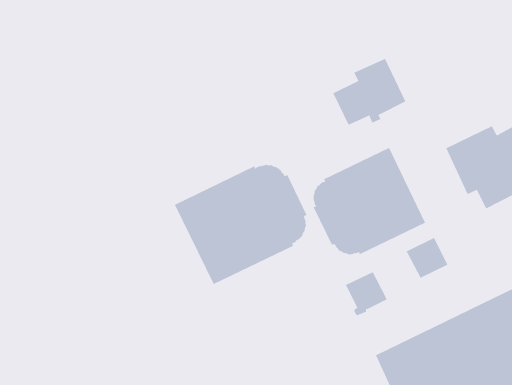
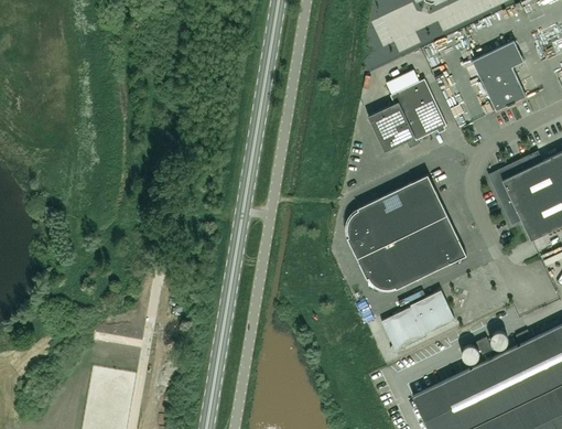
building: none -> [473,41,527,110]
building: [174,164,307,285] -> none
building: [406,237,448,278] -> [410,290,455,334]

